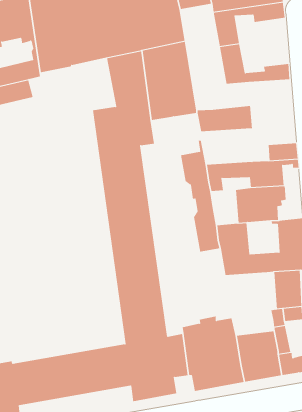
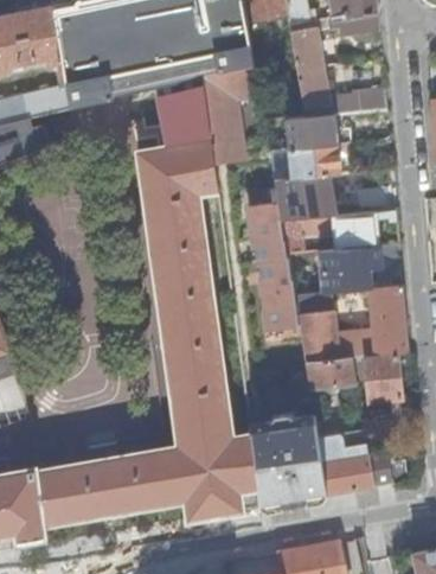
building: none -> [286,115,336,149]
building: none -> [272,174,338,219]
building: none -> [303,357,354,388]

